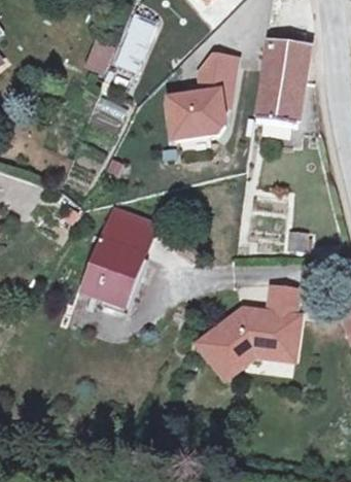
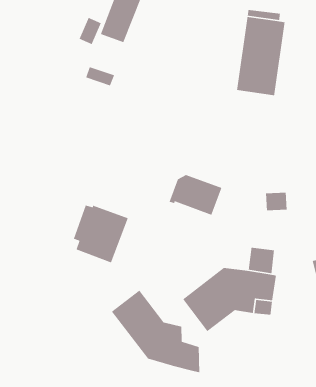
building: [164,54,240,140] -> none
building: [95,213,152,257] -> [168,174,223,216]
building: none -> [111,290,200,373]

